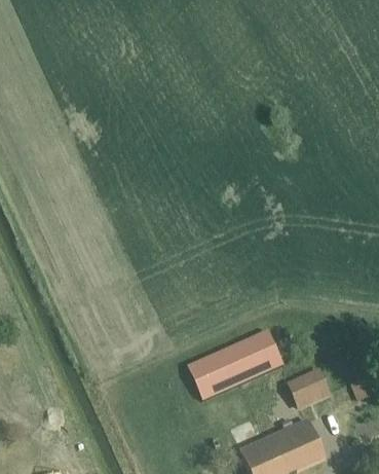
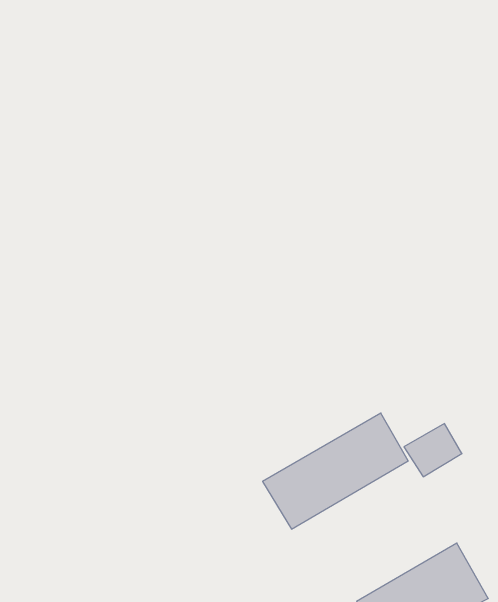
building: [293,371,330,404] -> [404,424,462,477]

